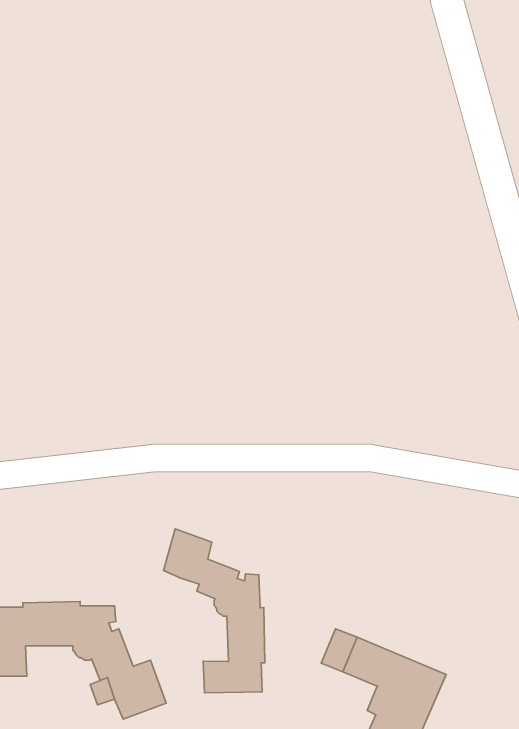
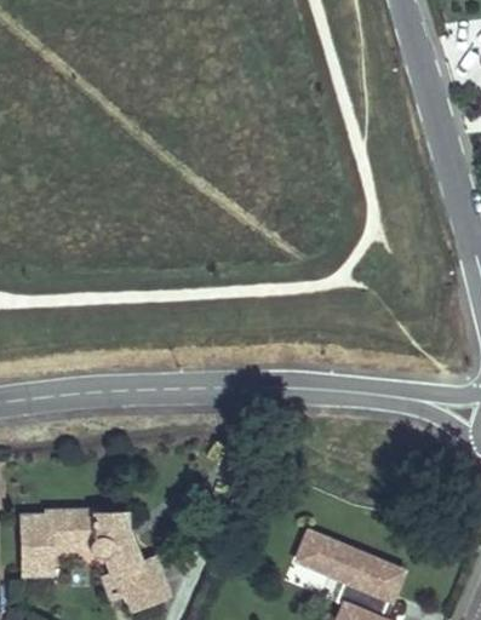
building: [164,529,265,693] -> none

